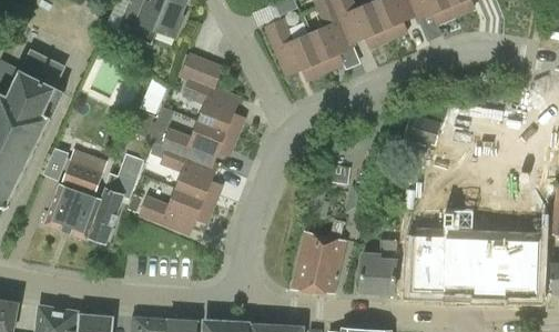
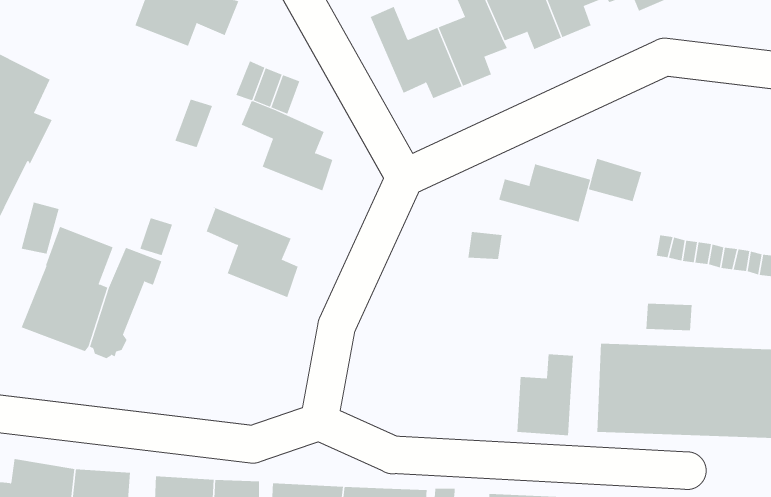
building: none -> [498,164,591,223]
building: [164,121,236,167] -> none
building: [142,189,214,232] -> none
building: [293,220,345,293] -> none

